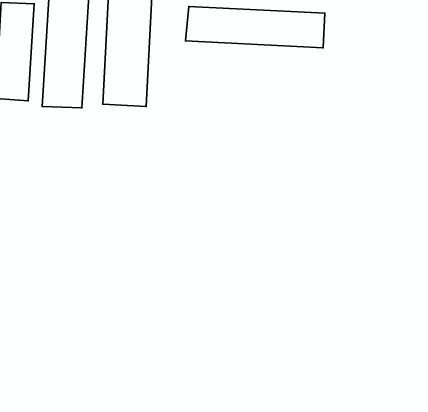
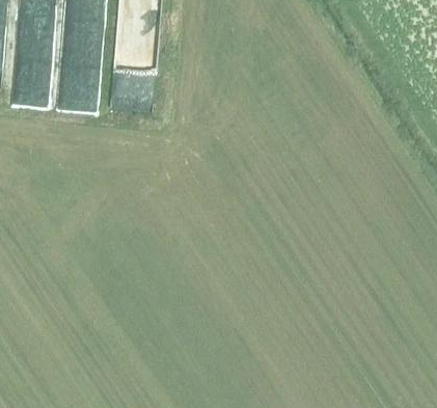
building: [186,6,325,48] -> none

